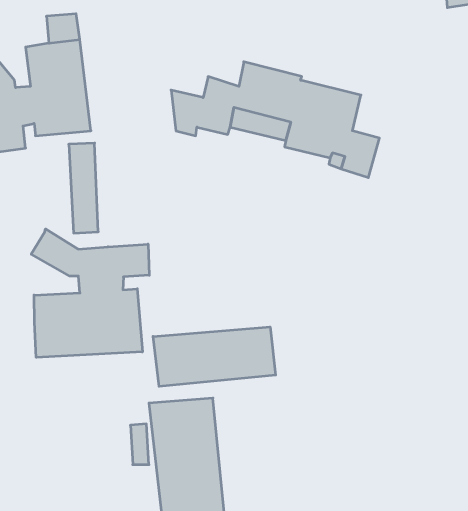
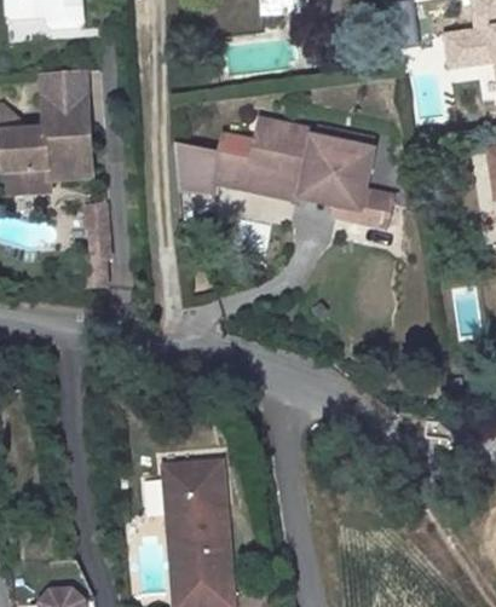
building: [31,229,149,357] -> none
building: [153,327,276,386] -> none

